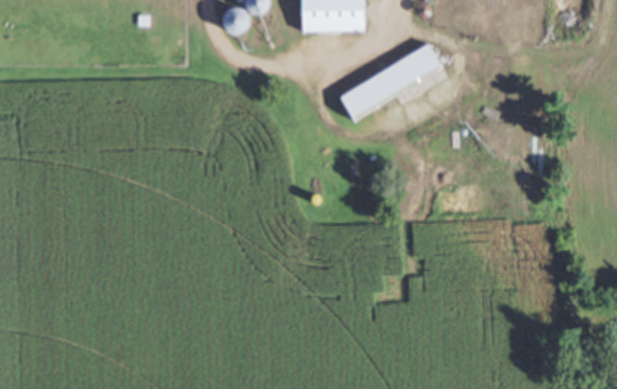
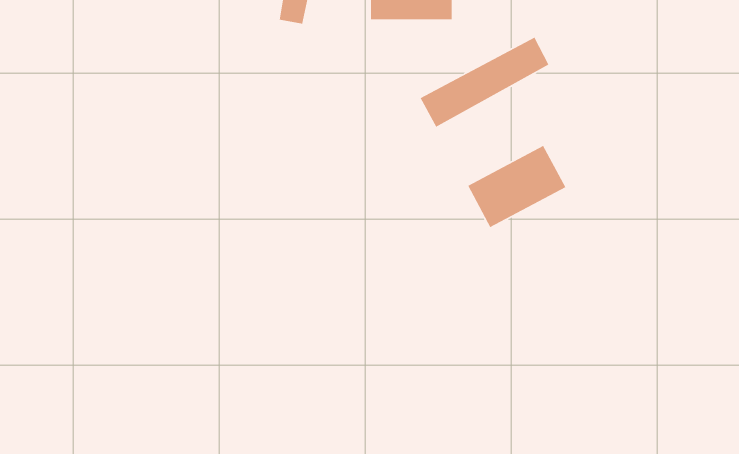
building: none -> [467,145,566,228]

